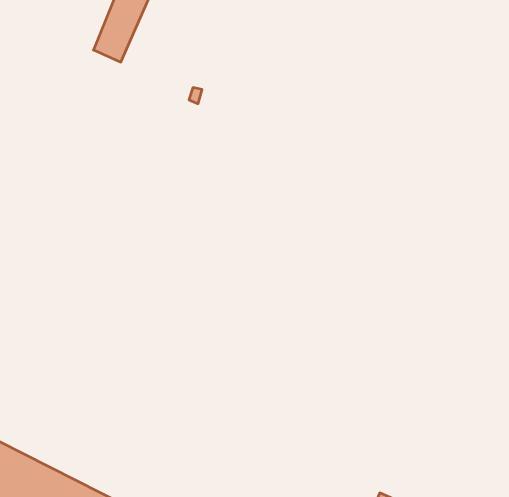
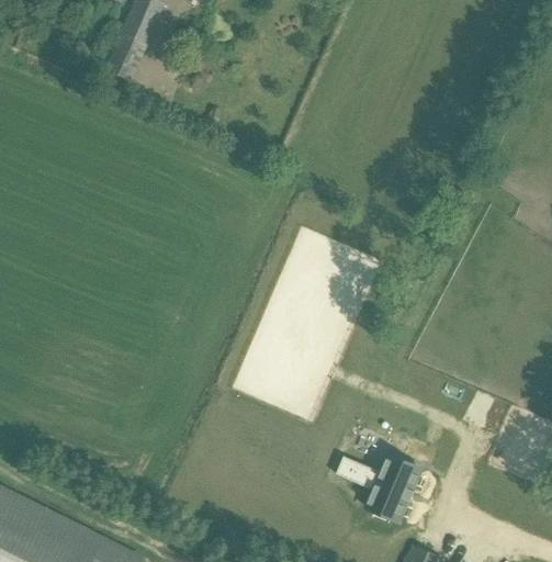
building: none -> [336,456,420,521]

